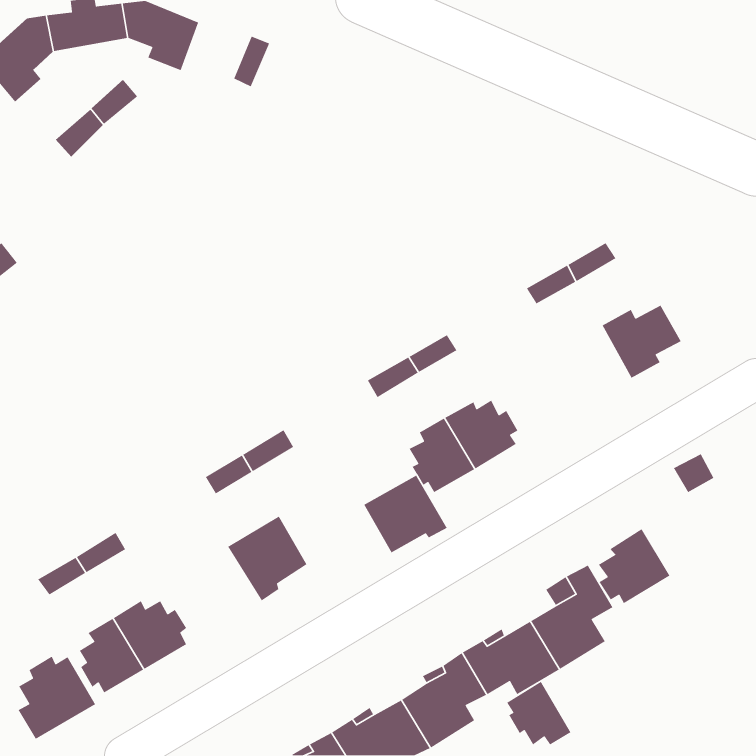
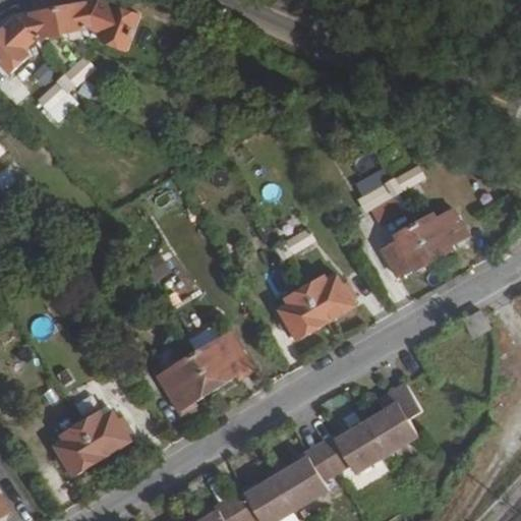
building: none -> [381,223,432,274]
building: [363,475,448,553] -> [191,333,249,387]
building: [598,528,671,604] -> none
building: [17,655,96,740] -> none
building: [506,681,571,746] -> none

